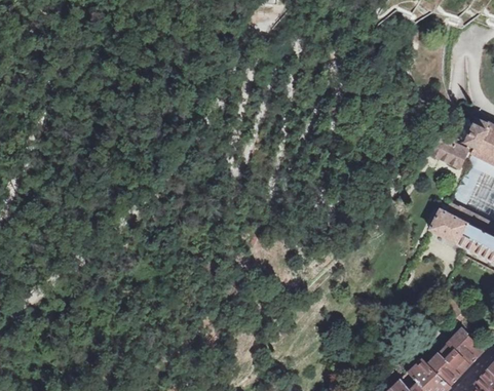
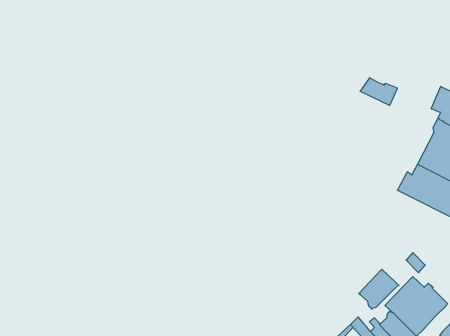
building: [429,139,469,168] -> [360,78,397,106]
building: none -> [359,269,399,309]

